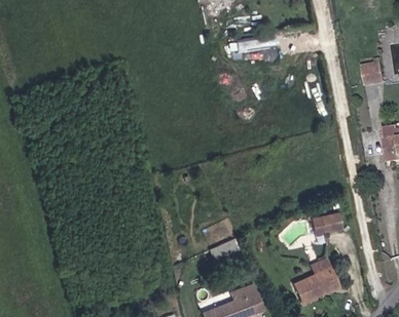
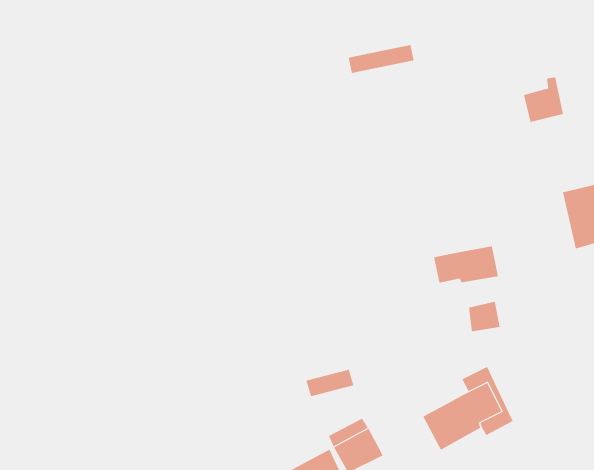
building: none -> [433,245,498,284]

